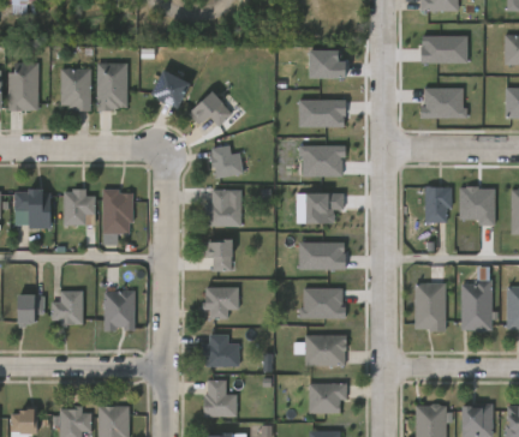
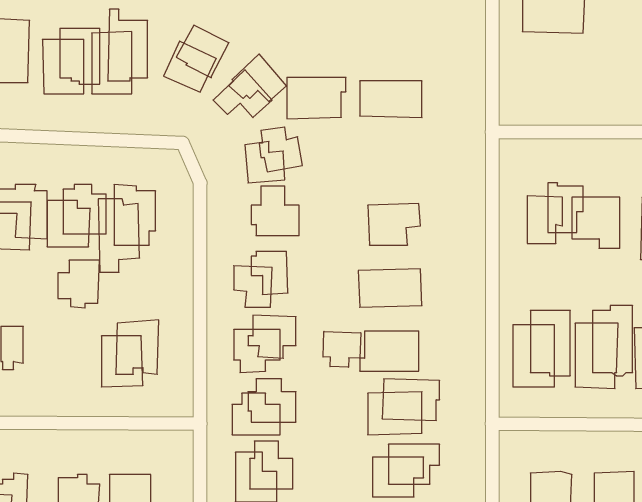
building: [306,53,342,80] -> none
building: [419,90,461,120] -> none
building: [298,148,342,179] -> [287,77,346,119]
building: [60,283,91,319] -> [58,260,99,308]
building: none -> [323,331,361,367]

